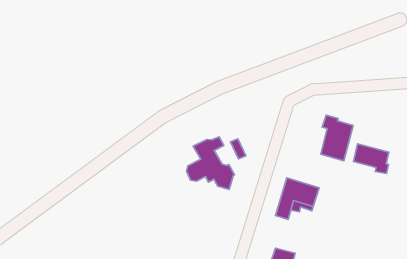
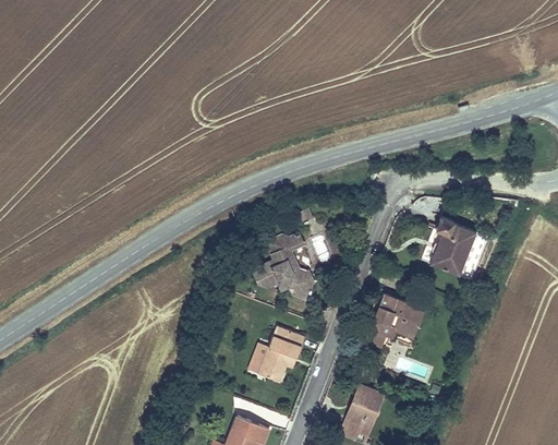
building: [353,144,389,174] -> none
building: none -> [245,326,304,383]

